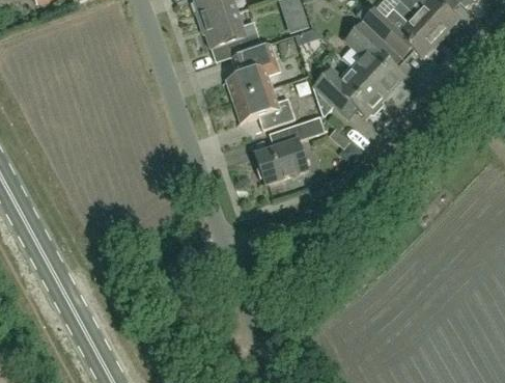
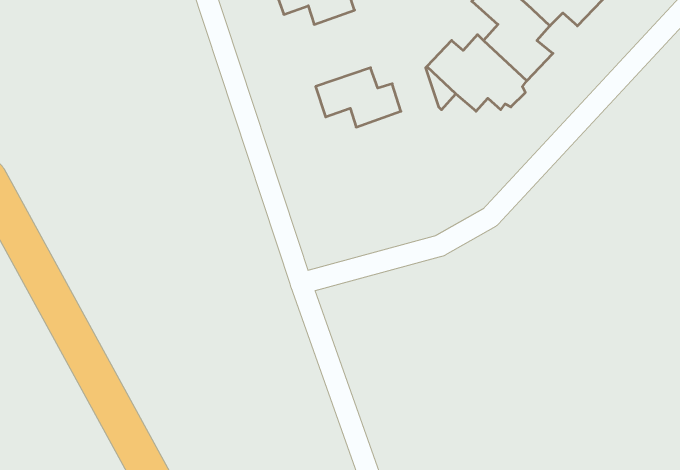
building: [226,44,278,101] -> none
building: [254,116,325,185] -> none

